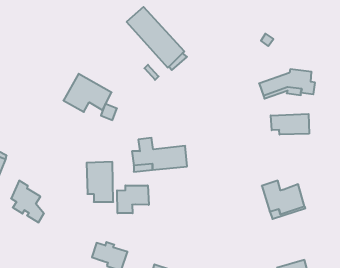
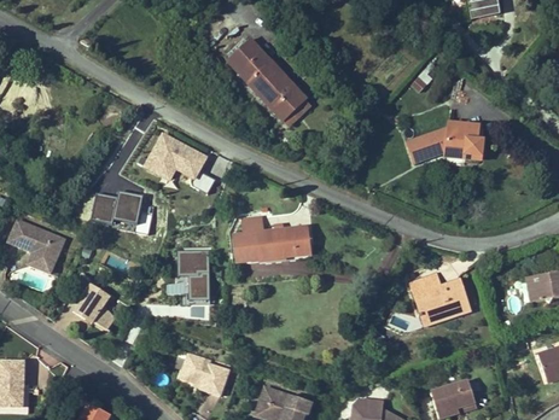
building: [271,114,309,135] -> none
building: none -> [92,188,144,228]
building: [117,185,149,213] -> none

